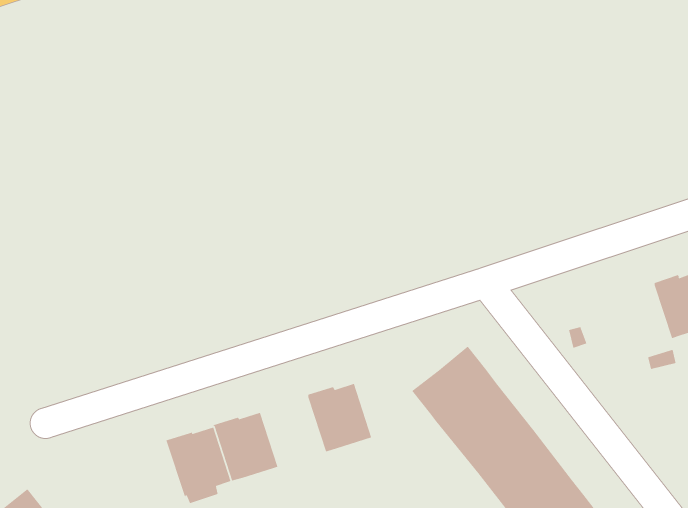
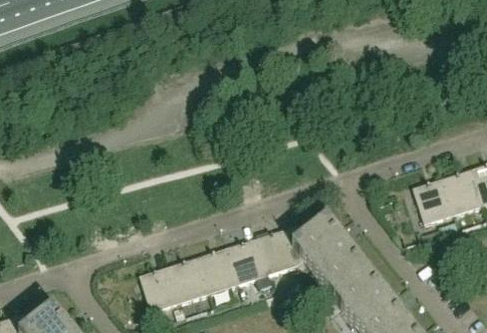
building: none -> [415,181,456,224]
building: none -> [259,224,311,275]
building: none -> [201,250,241,293]

